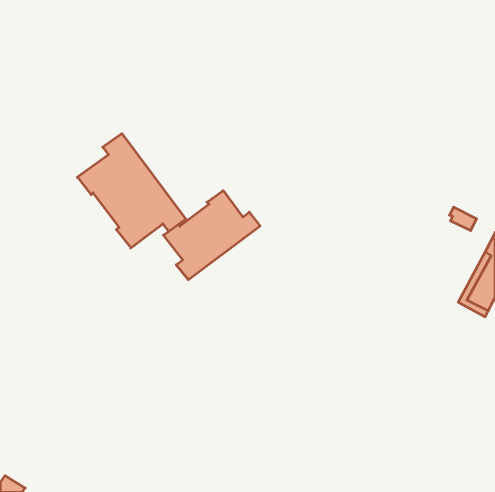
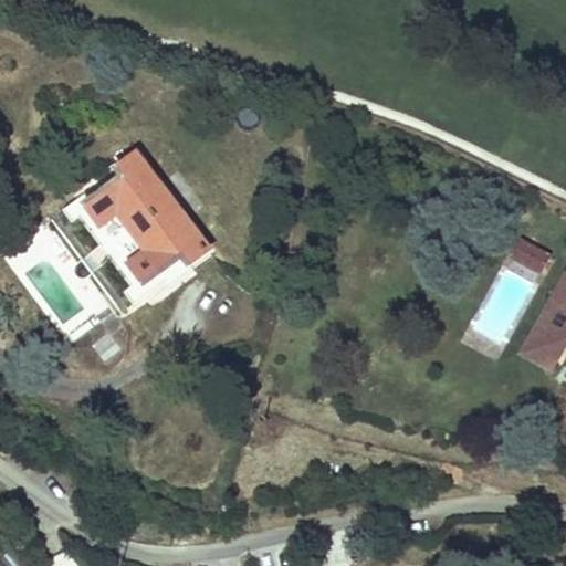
building: [163,191,260,280] -> none

